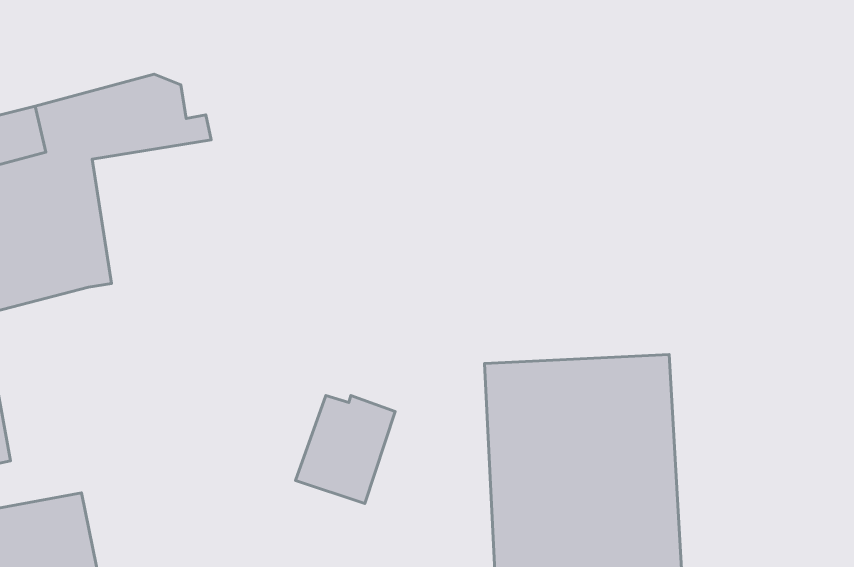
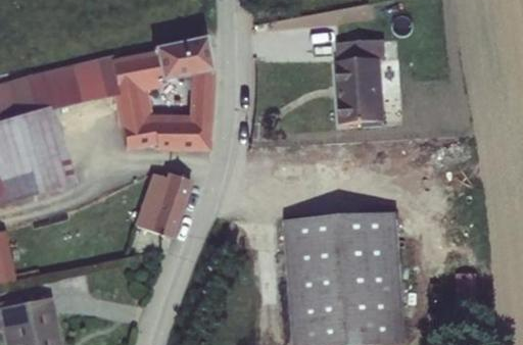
building: none -> [111,38,210,149]
building: none -> [337,40,387,122]
building: [296,395,395,504] -> [134,176,191,238]

